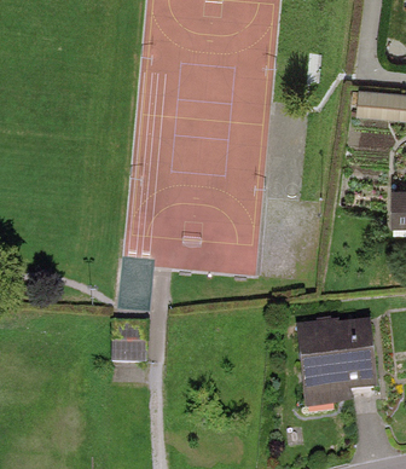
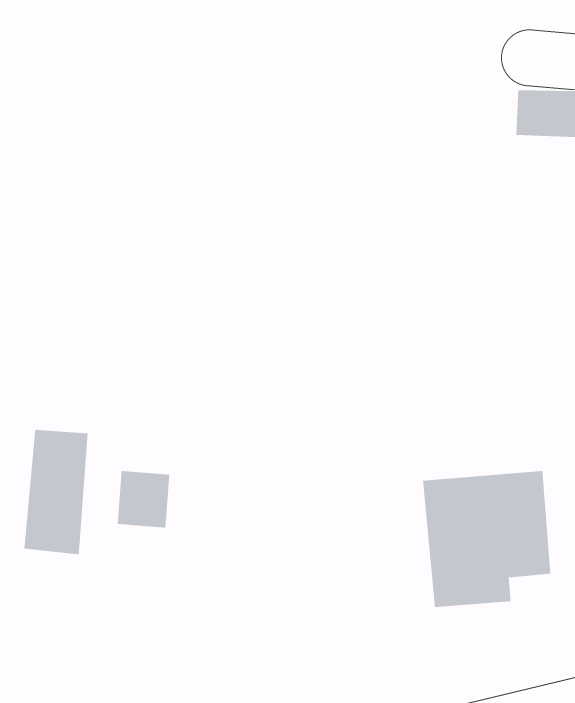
building: none -> [24,429,88,555]

